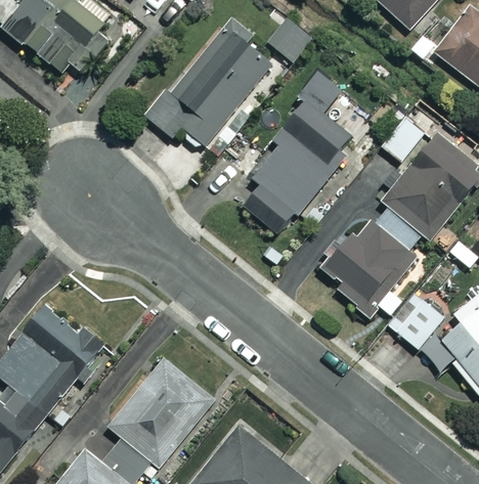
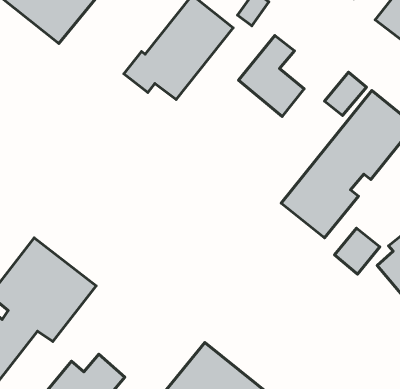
building: [238,124,333,237] -> none
building: [106,358,212,468] -> none

